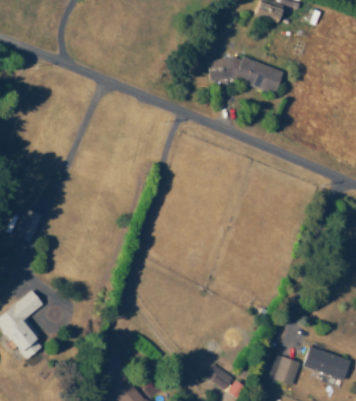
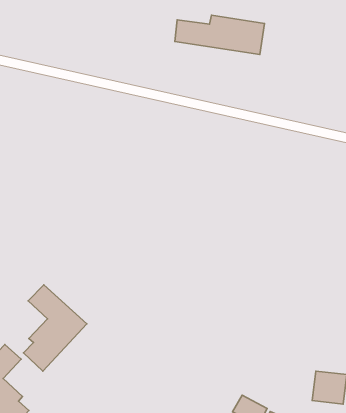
building: none -> [24,285,87,371]

